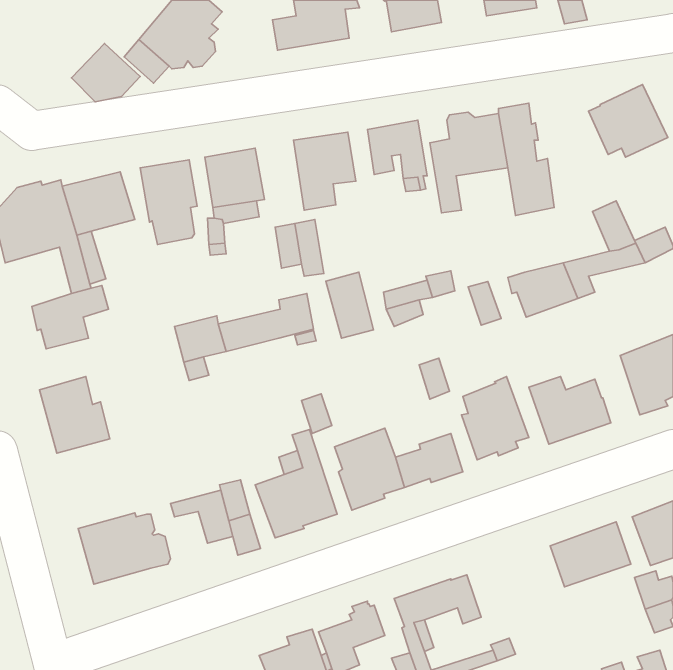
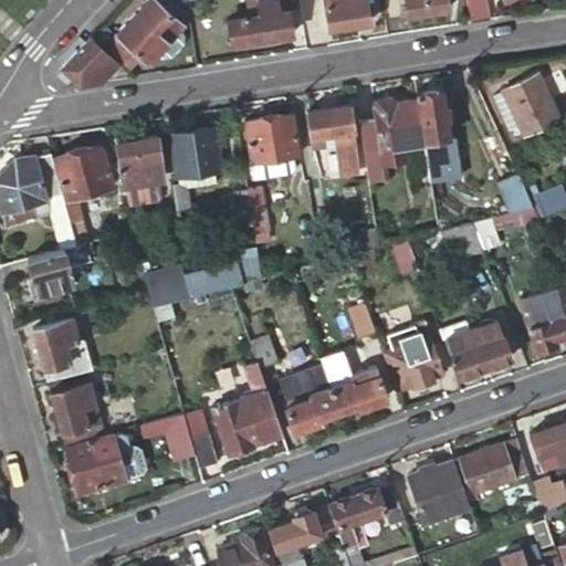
building: [326,272,374,338] -> none
building: none -> [51,384,105,447]
building: none -> [407,463,469,525]

